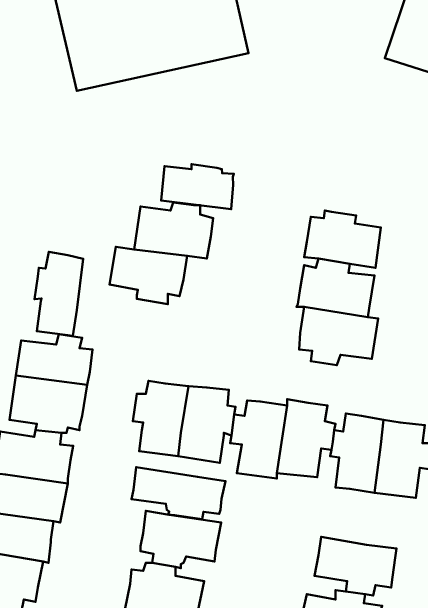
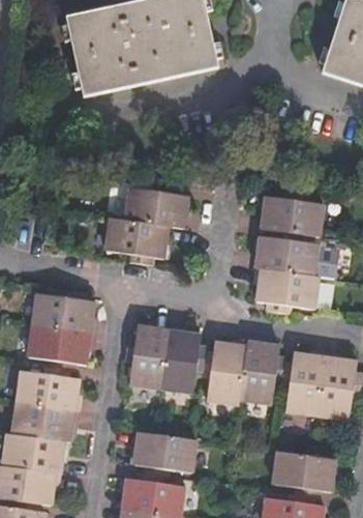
building: [161,164,234,209] -> none
building: [34,252,83,336] -> none
building: [132,467,225,519] -> none

